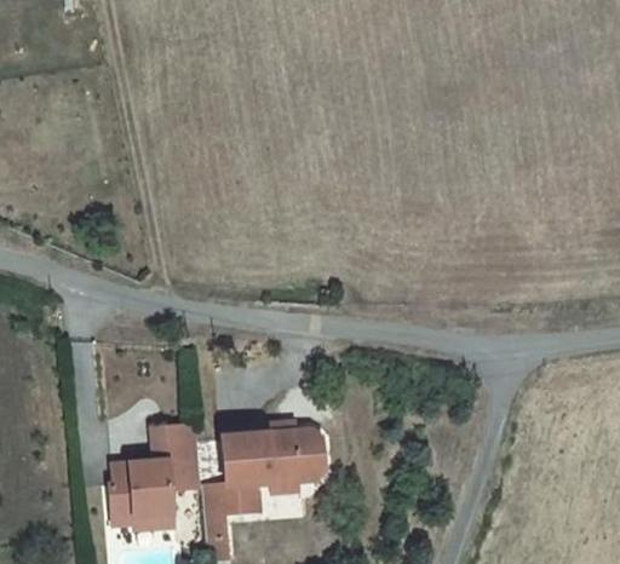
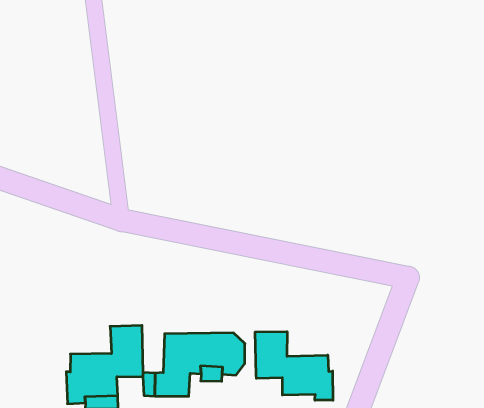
building: none -> [255,332,333,400]

